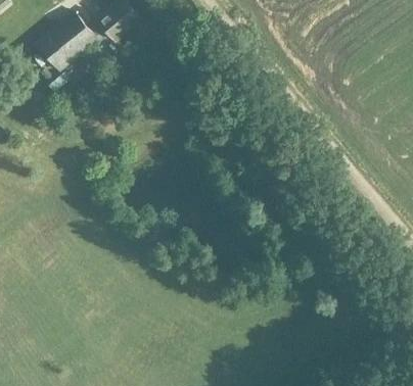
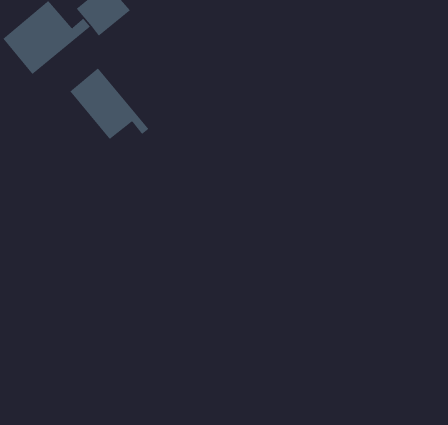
building: none -> [70,67,149,140]

